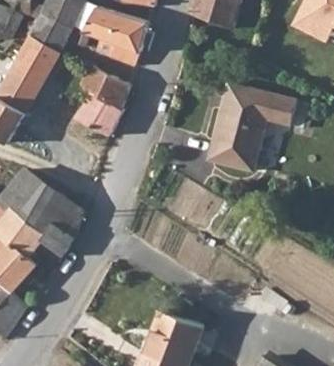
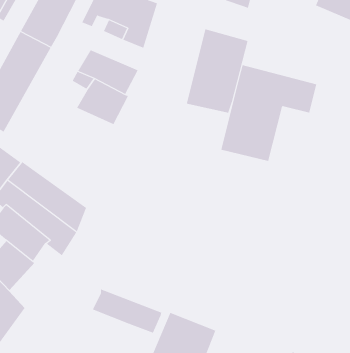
building: none -> [186,29,248,113]
building: none -> [92,288,162,334]

